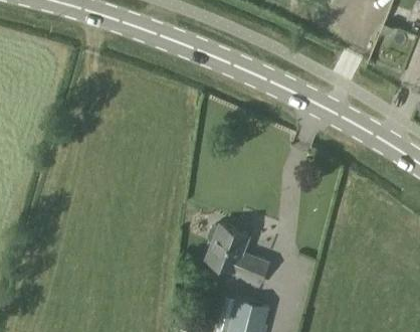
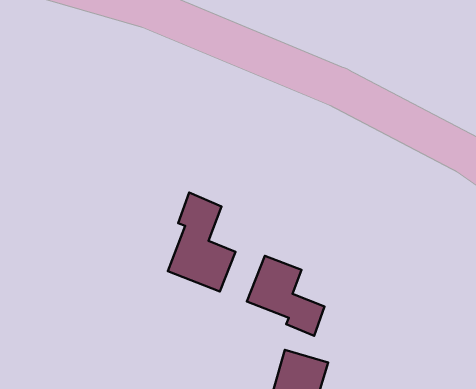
building: none -> [168,193,236,291]

